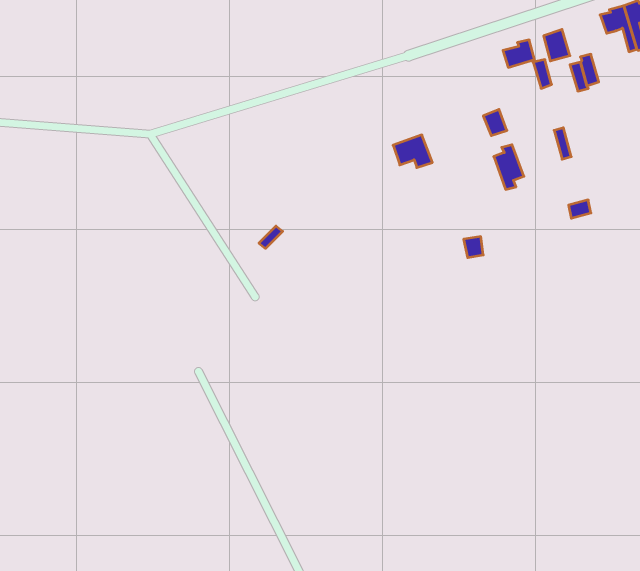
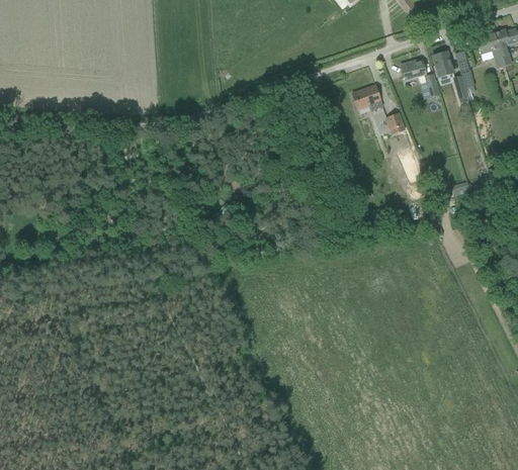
building: [393,135,432,168] -> [352,85,382,110]

